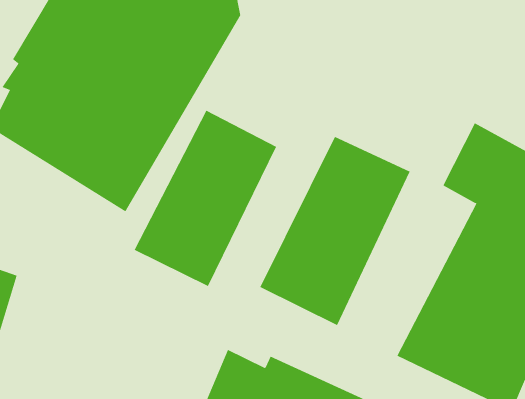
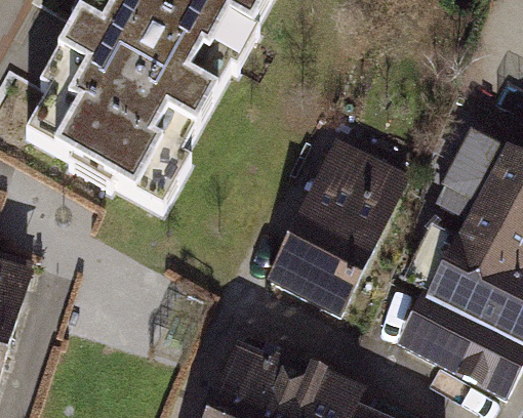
building: [134,110,277,287] -> none

